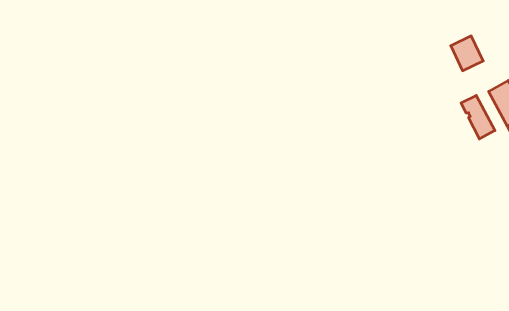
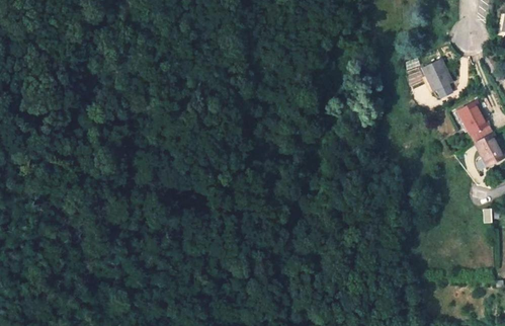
building: [461,95,495,139] -> none

